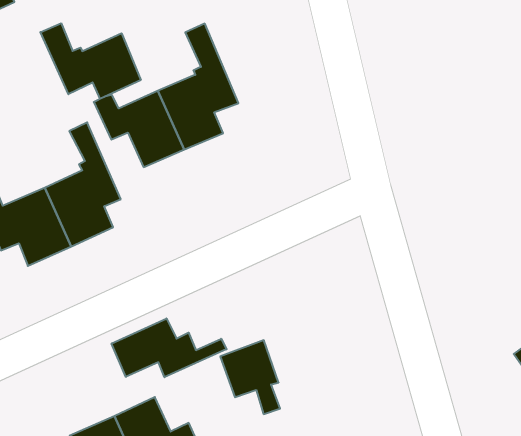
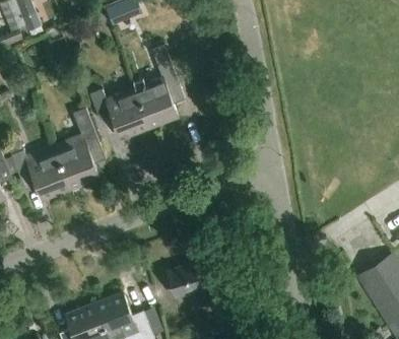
building: [40,23,141,99] -> none
building: [112,318,227,377] -> none

